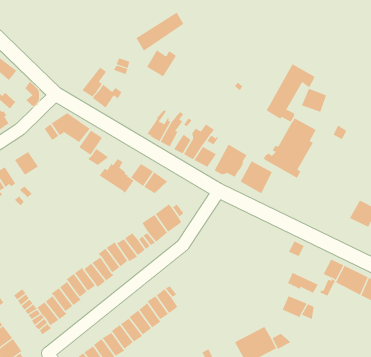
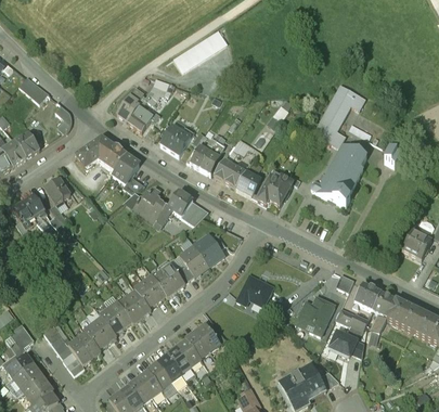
building: [146,50,177,77] -> [160,126,193,155]
building: [240,161,272,194] -> none
building: none -> [236,274,273,306]
building: none -> [352,283,382,310]
building: none -> [295,296,335,336]

